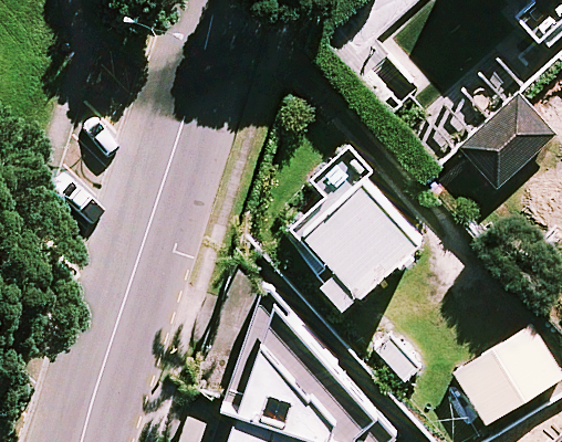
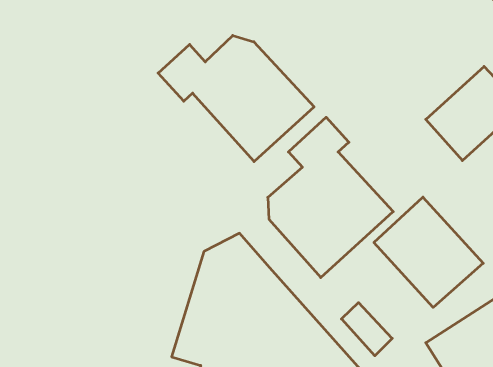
building: none -> [158,35,314,162]
building: none -> [374,197,483,307]

